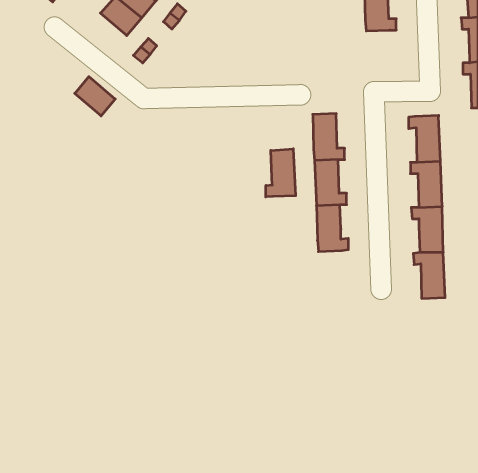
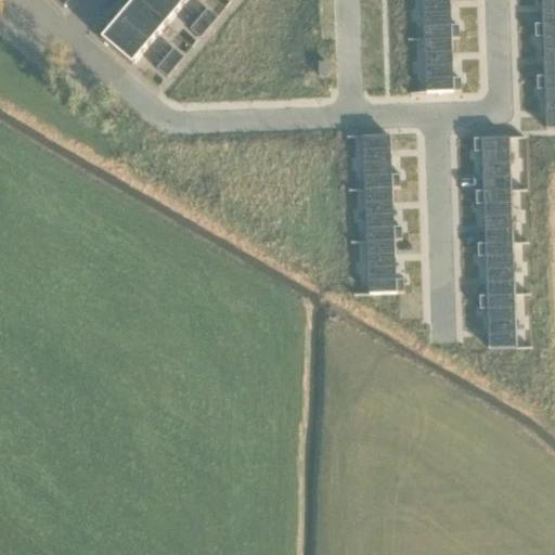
building: none -> [423,35,460,89]
building: [75,77,115,116] -> [100,15,146,61]
building: [266,149,296,197] -> none

